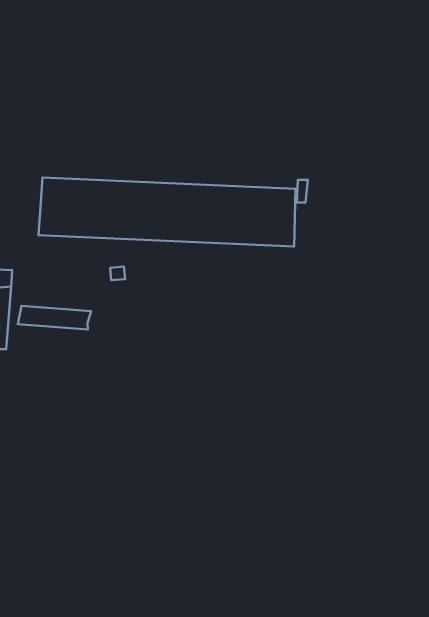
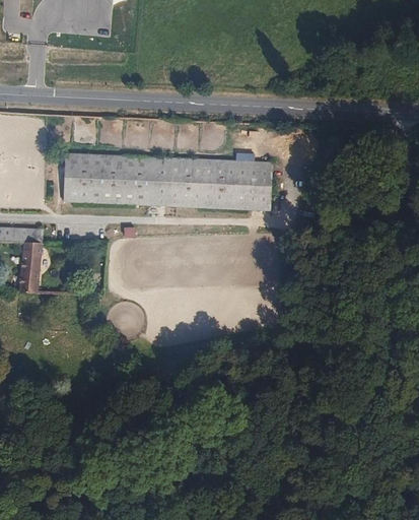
building: [18,306,91,330] -> none

